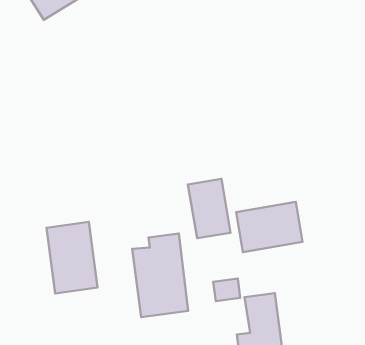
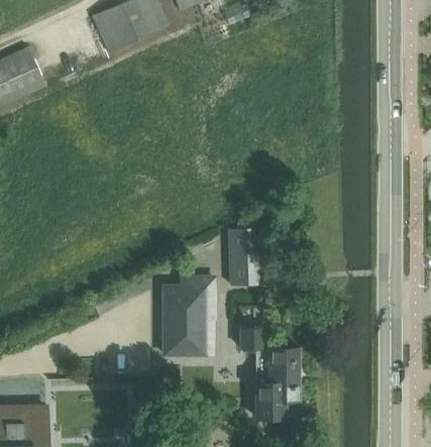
building: [236,202,303,252] -> none
building: [46,222,98,293] -> none

